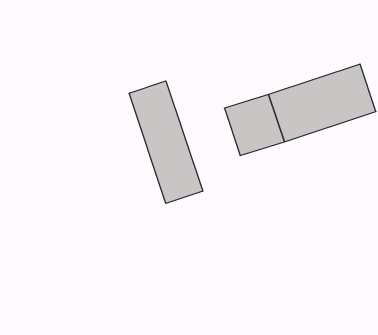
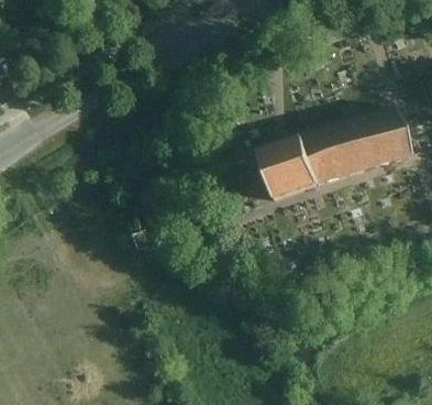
building: [129,81,203,203] -> none

